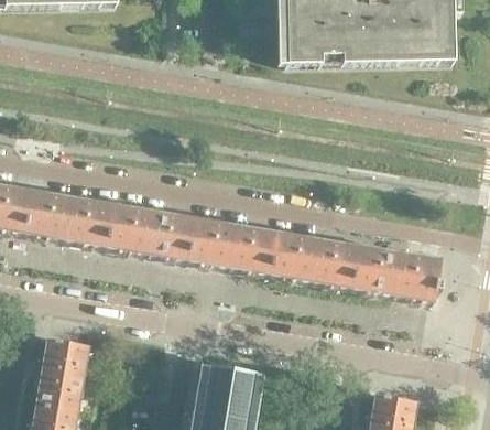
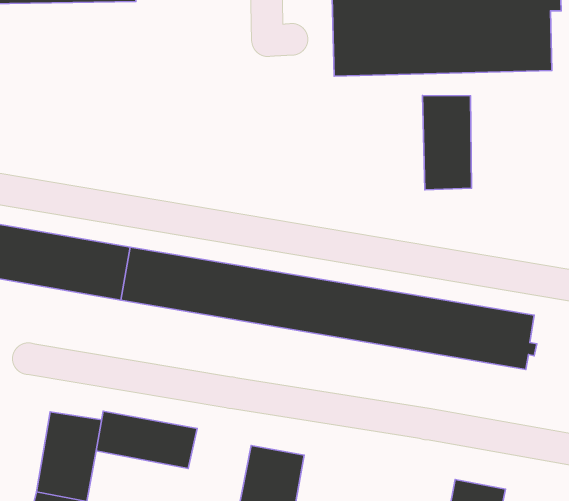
building: none -> [423,96,472,190]
building: none -> [96,411,197,469]

